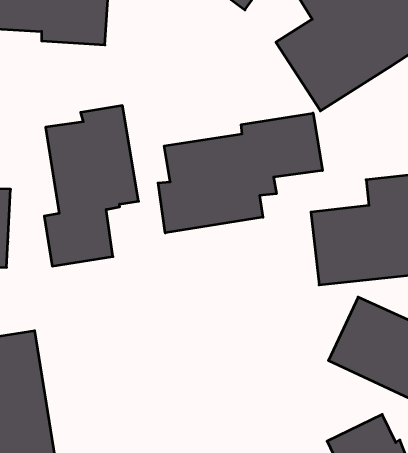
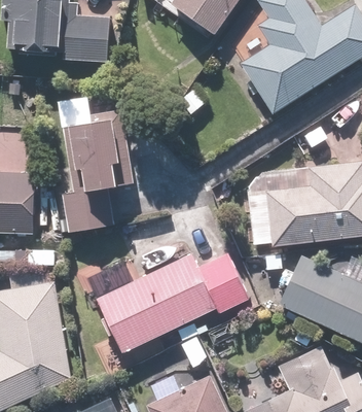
building: [158,113,322,233] -> none
building: none -> [97,252,249,353]

